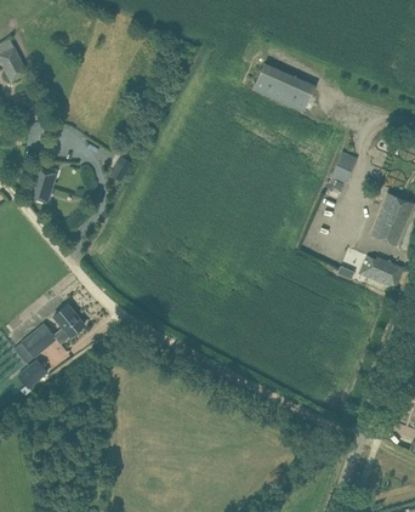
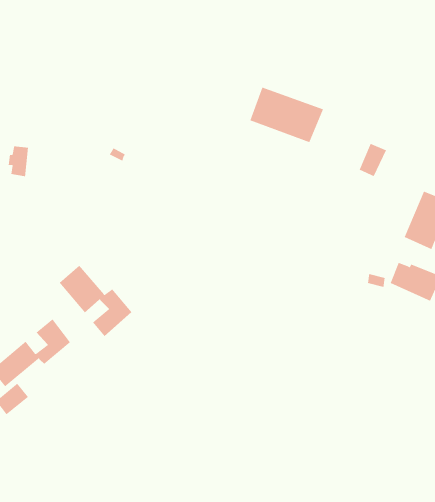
building: [255,63,319,112] -> [249,87,324,143]
building: none -> [59,265,132,337]

